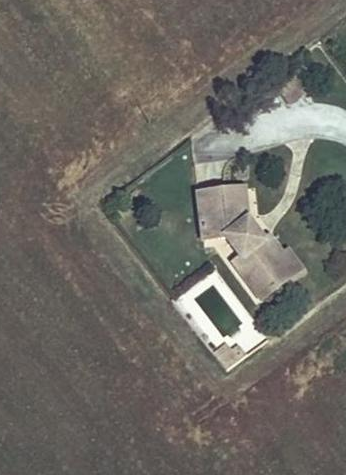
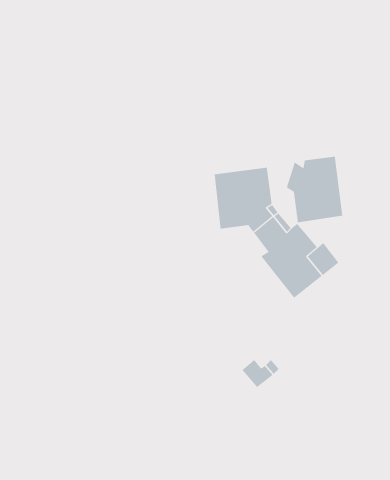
building: none -> [286,156,343,223]

